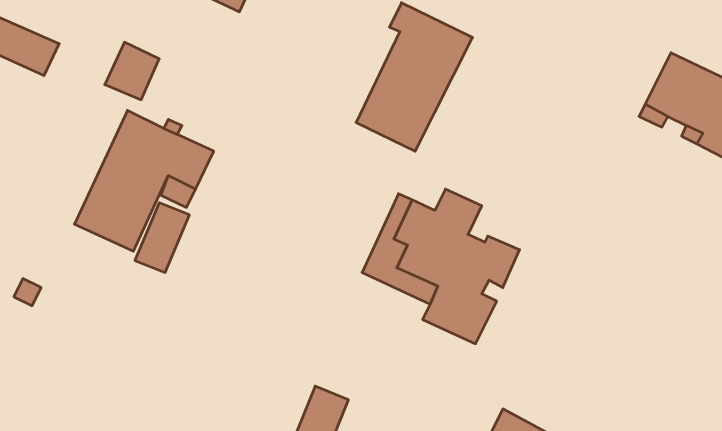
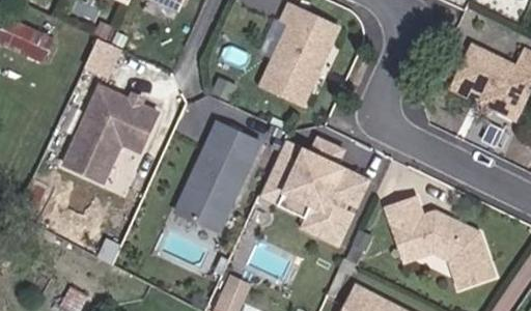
building: none -> [176,123,259,231]
building: none -> [387,199,496,289]

